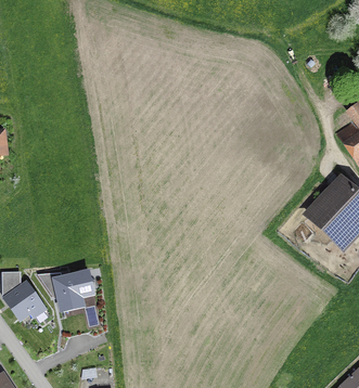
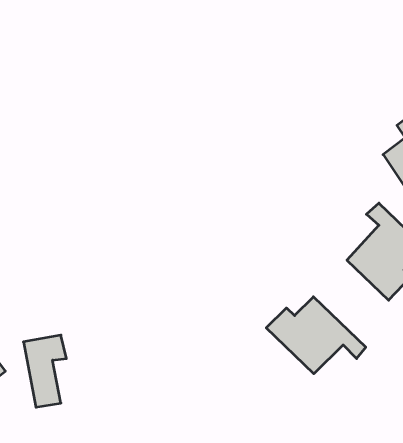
building: none -> [266,297,366,374]

